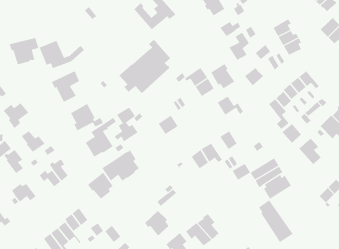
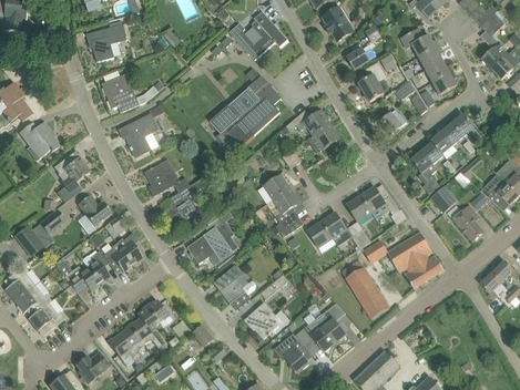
building: none -> [400,28,439,57]
building: [9,38,39,65] -> [85,24,126,61]
building: [210,63,235,89] -> none
building: [217,96,244,116] -> [359,186,396,213]
building: [114,107,138,142] -> [269,189,303,237]
building: [3,149,24,174] -> [82,250,110,284]
building: [87,172,113,201] -> [213,265,248,304]
building: [258,199,293,243] -> [341,260,389,319]

